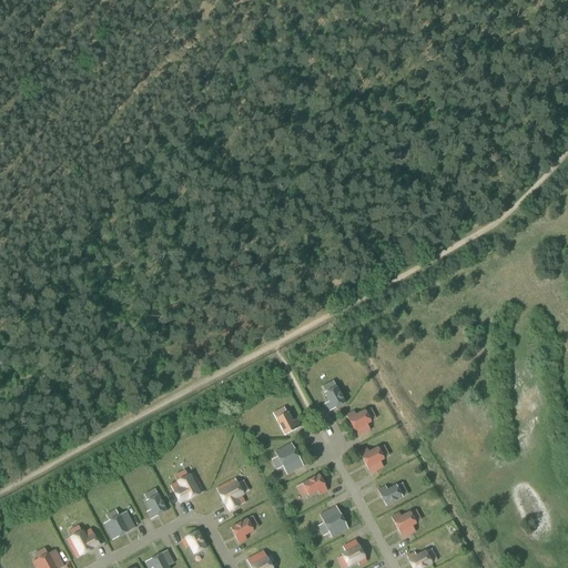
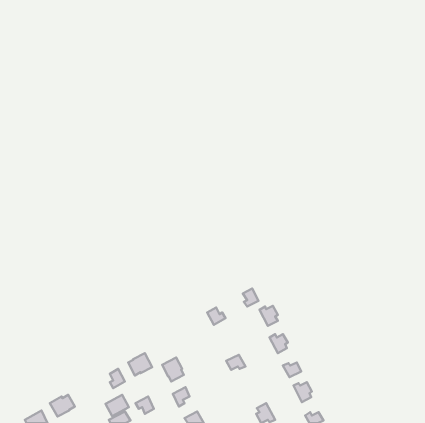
building: [275,442,303,473] -> none
building: [320,505,348,536] -> none
building: [104,509,135,538] -> [106,395,129,416]

